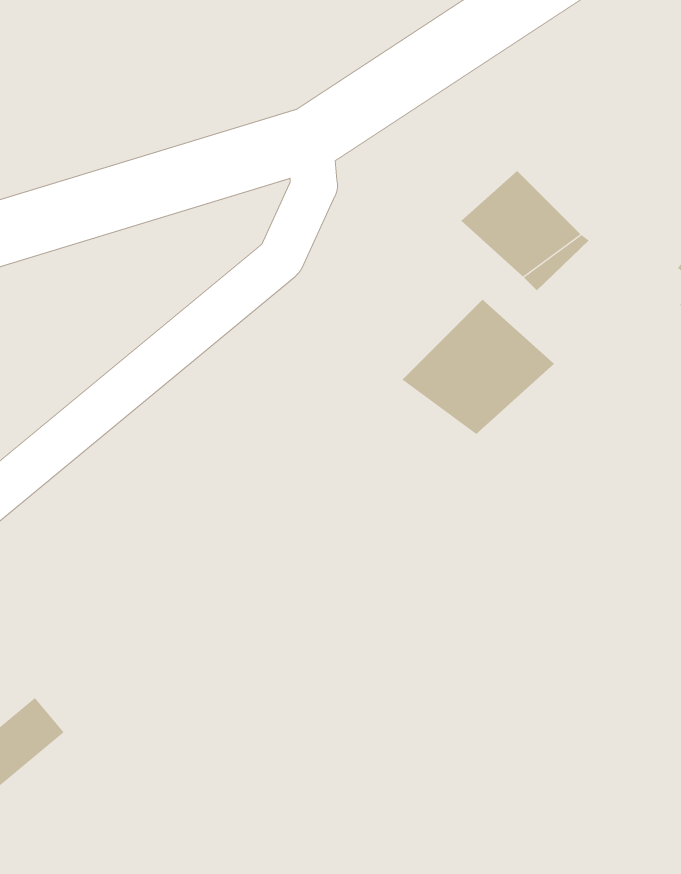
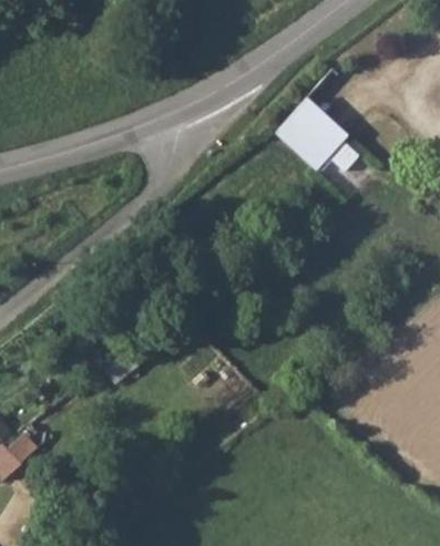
building: [402,299,555,435] -> none

